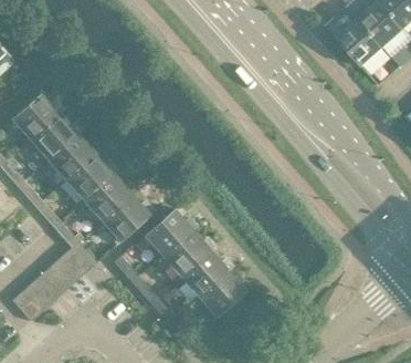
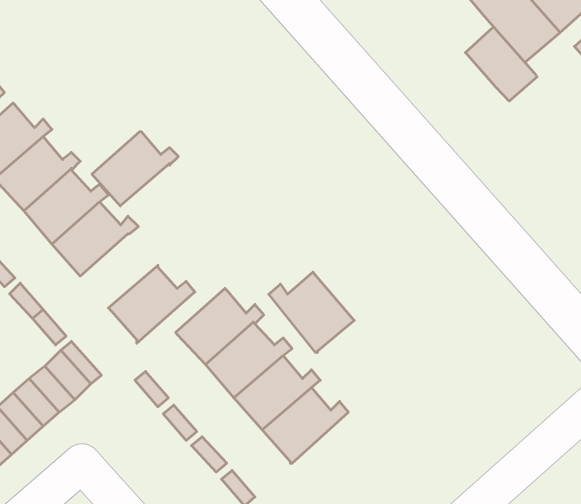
building: none -> [465,27,537,101]
building: [83,174,137,220] -> [92,132,178,206]
building: none -> [269,272,354,353]

